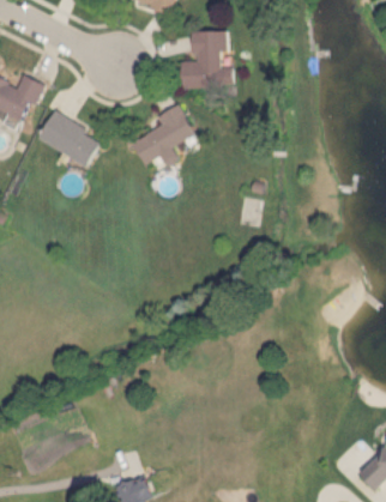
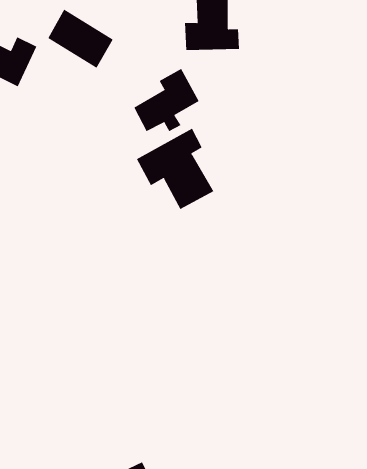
building: [38,110,101,167] -> [48,9,113,69]
building: none -> [136,128,214,210]

